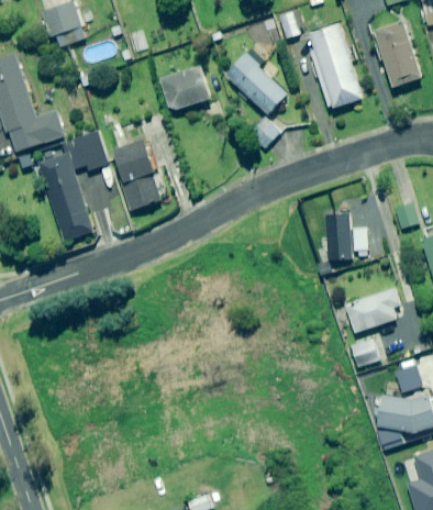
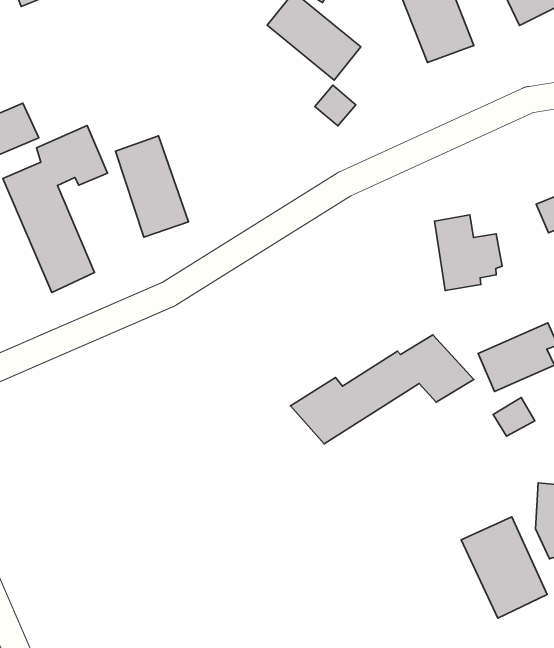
building: [158,67,211,111] -> none
building: none -> [290,335,474,444]
building: none -> [461,517,547,618]

